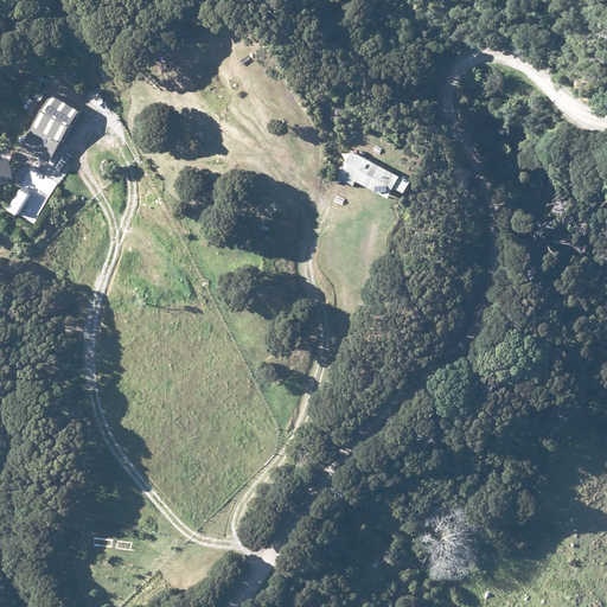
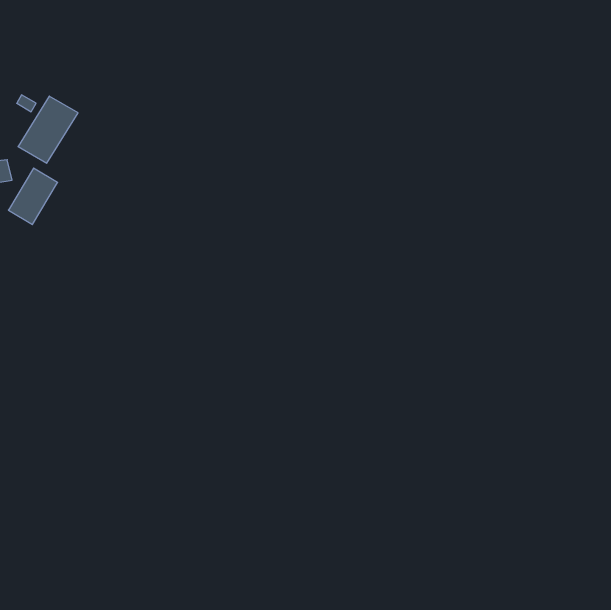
building: [336,148,392,197] -> none

